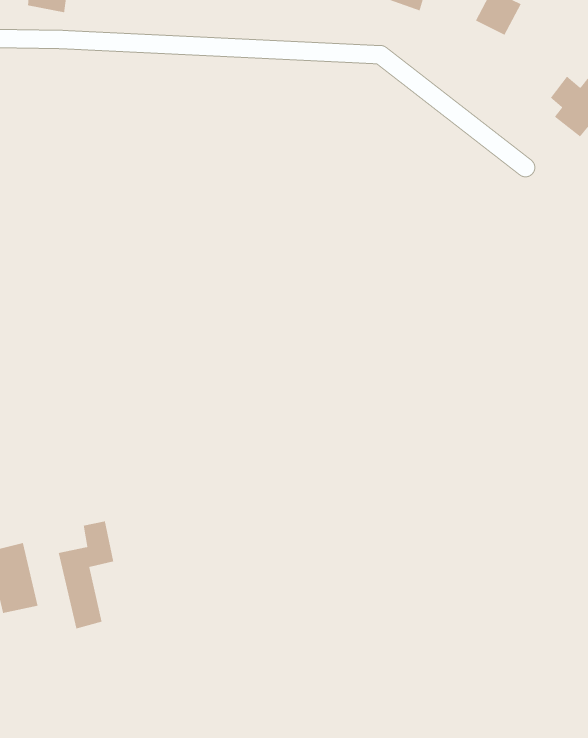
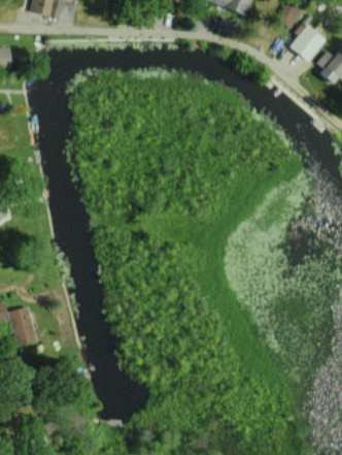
building: none -> [289,25,326,62]
building: [58,520,114,630] -> none

